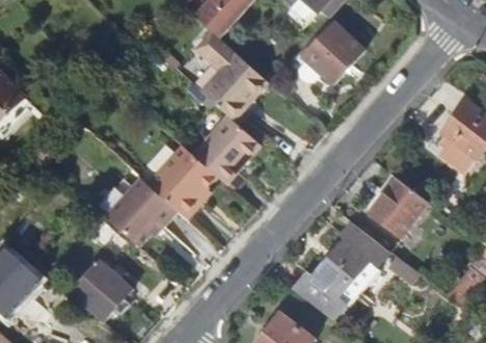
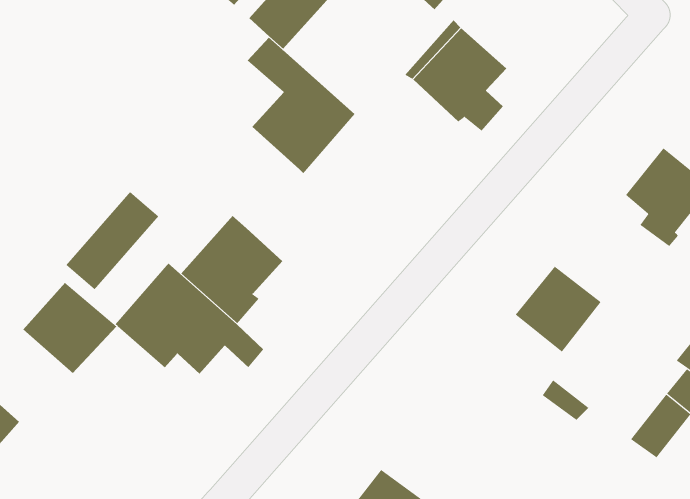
building: [192,115,259,190] -> none
building: none -> [66,191,159,290]
building: [297,220,388,322] -> none
building: [70,258,132,318] -> [22,282,117,374]

